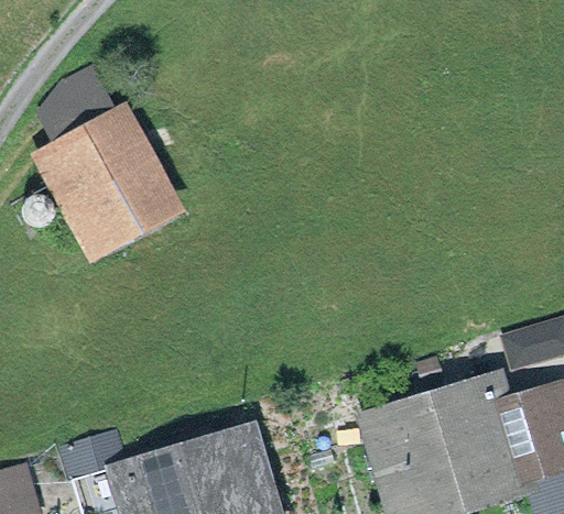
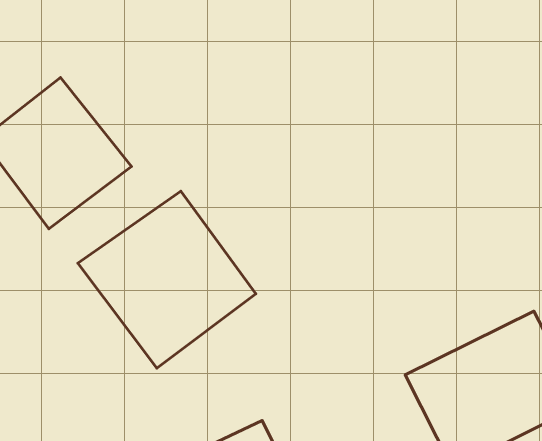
building: none -> [78,191,256,368]

